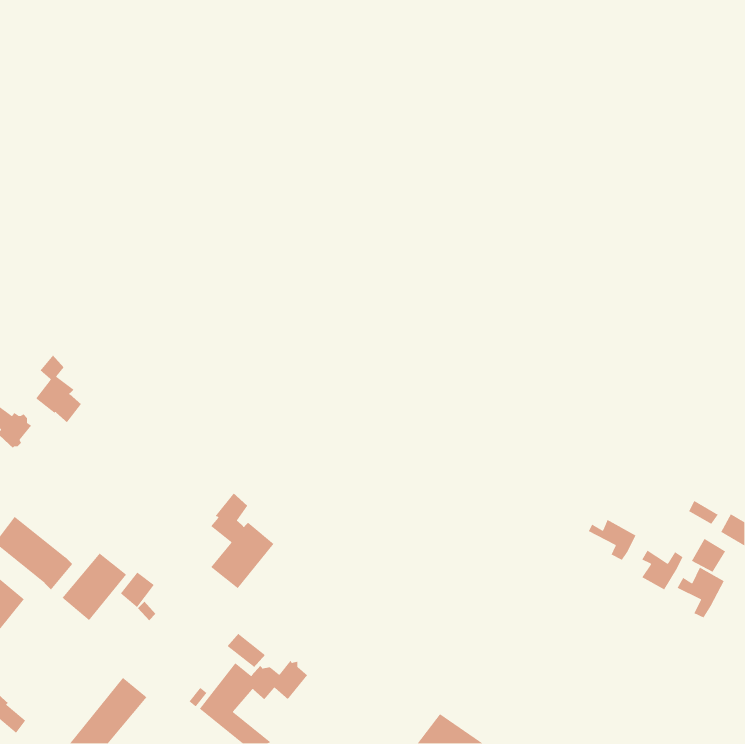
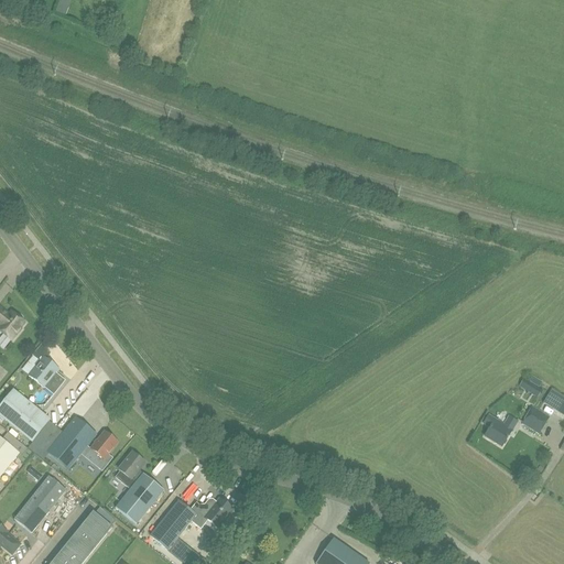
building: [35,354,82,423] -> [29,341,64,393]
building: [210,493,274,589] -> [115,451,163,523]
building: [588,519,636,561] -> none
building: [677,566,725,618] -> none
building: none -> [13,475,65,532]

